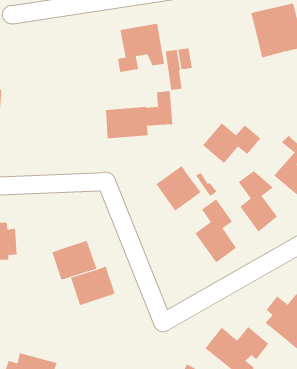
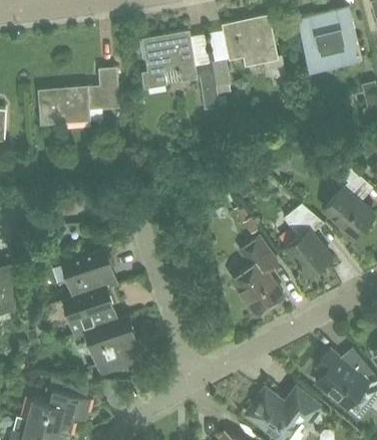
building: none -> [223,15,286,84]
building: [105,90,173,139] -> [39,67,119,125]
building: [202,123,261,164] -> none
building: [155,165,201,211] -> none
building: none -> [62,249,116,297]
building: none -> [25,388,89,432]

